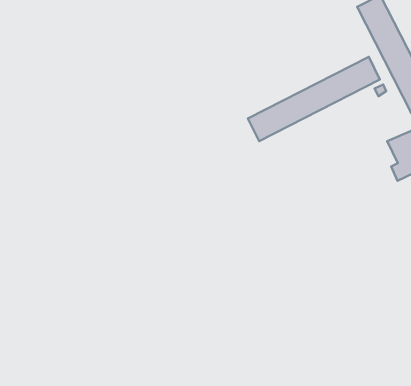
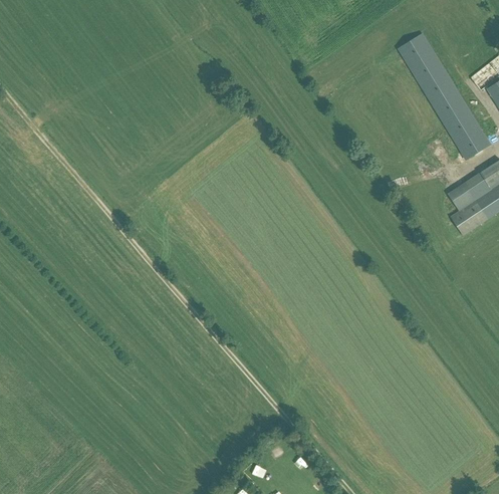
building: [248,57,380,141] -> none

